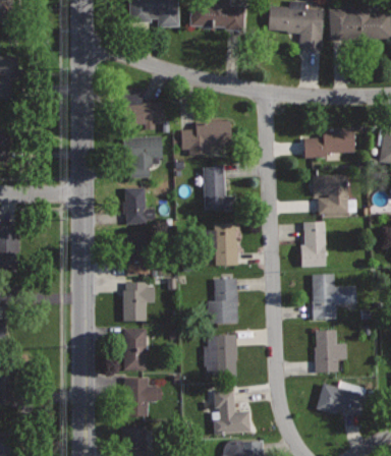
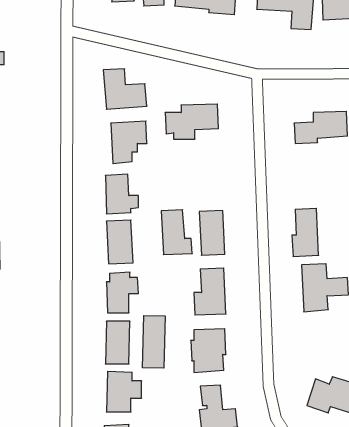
building: [204,168,233,211] -> [161,210,192,255]
building: [314,175,349,215] -> none
building: none -> [143,316,165,368]
building: [314,330,346,373] -> none

